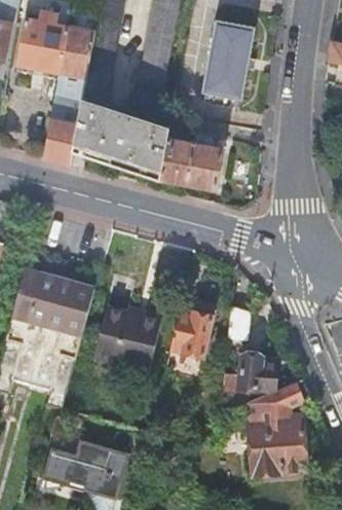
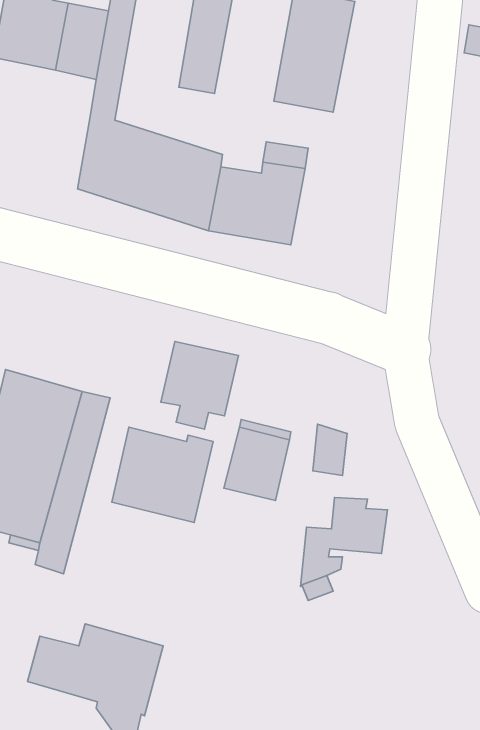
building: [41,98,80,165] -> none
building: none -> [161,342,238,429]
building: [246,378,309,474] -> none

